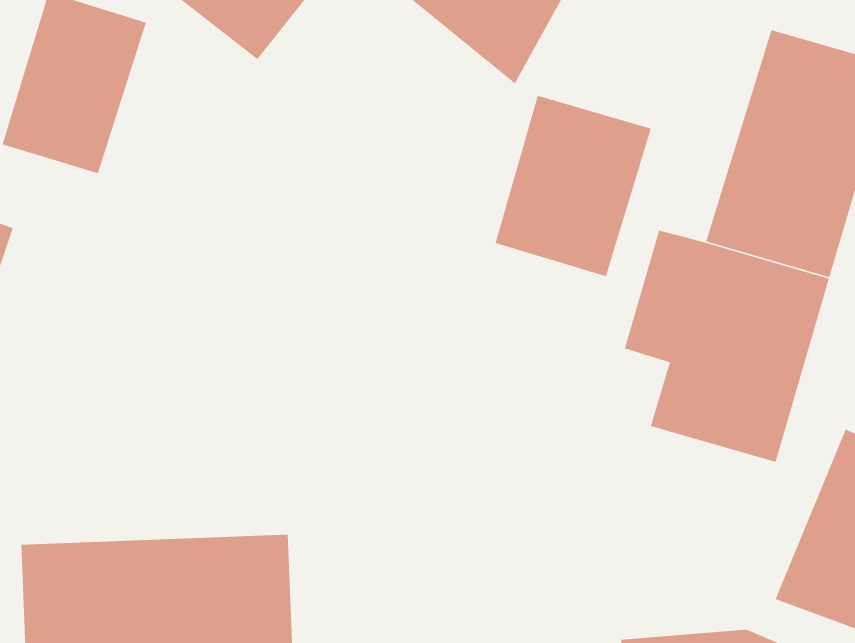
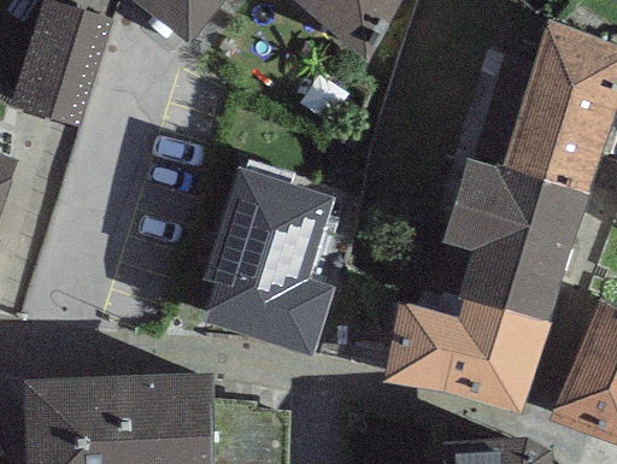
building: [494,95,652,277] -> none
building: none -> [200,168,336,358]
building: none -> [386,301,550,406]

